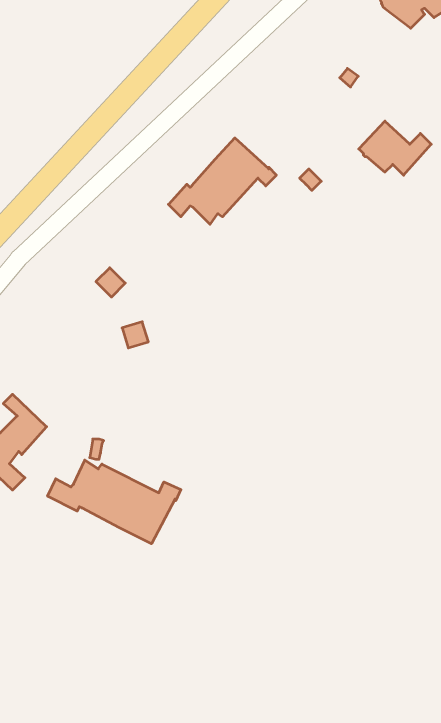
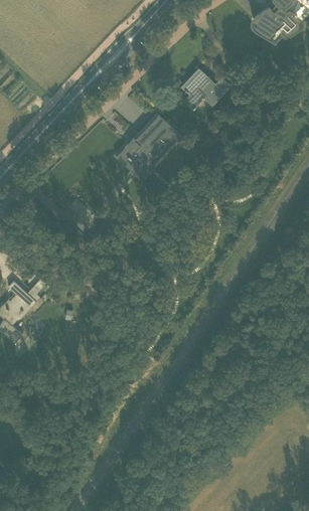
building: [359,121,431,175] -> [182,69,229,105]
building: [48,460,181,544] -> none

